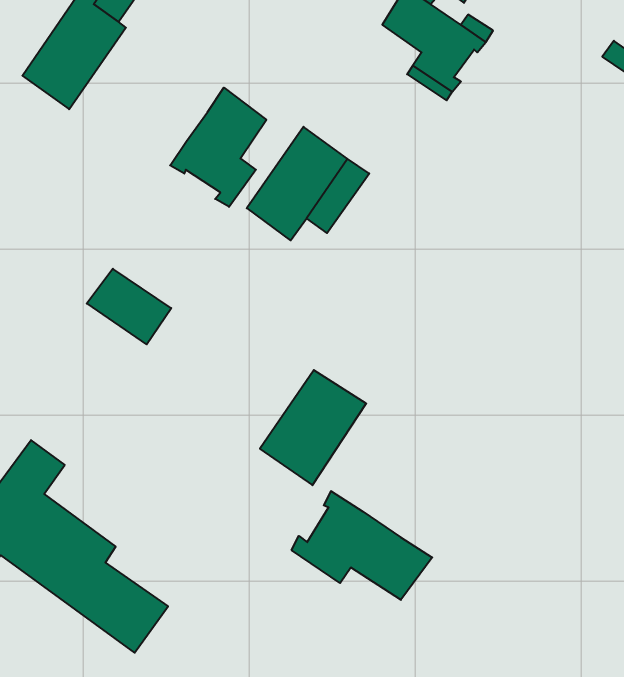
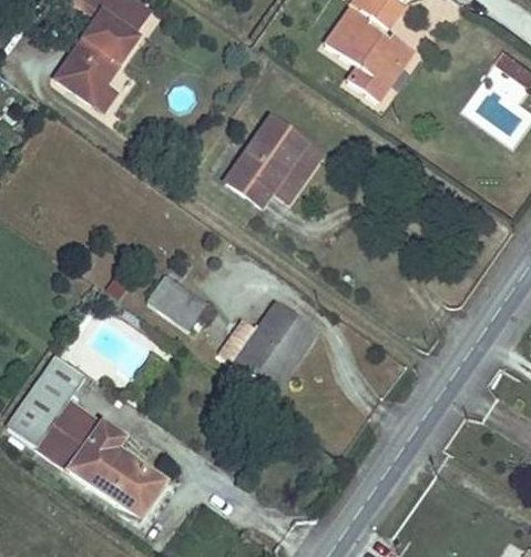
building: [170,88,266,207] -> none
building: [87,269,171,344] -> [147,276,212,334]
building: [292,491,432,600] -> none

